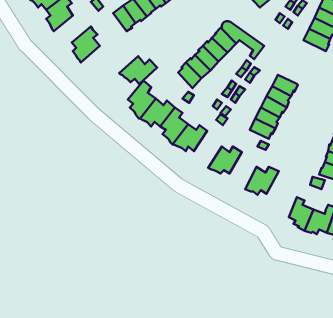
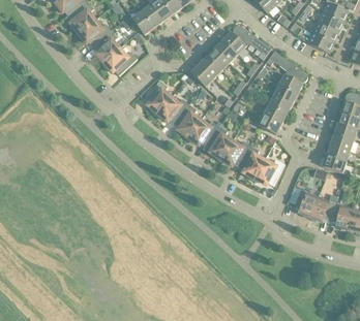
building: none -> [77,20,111,44]
building: none -> [265,50,306,83]
building: [119,56,157,84] -> [101,47,137,73]
building: none -> [206,126,232,160]
building: none -> [239,146,264,180]

